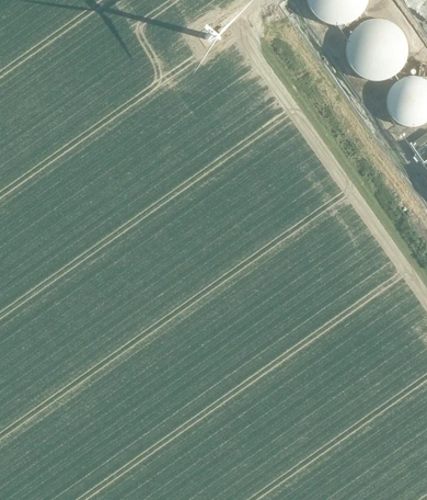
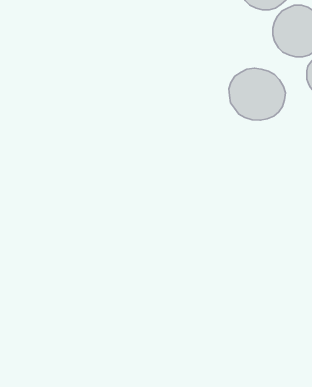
building: none -> [229,68,285,120]

